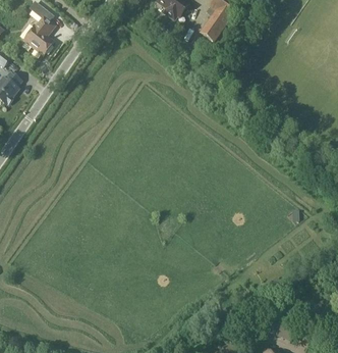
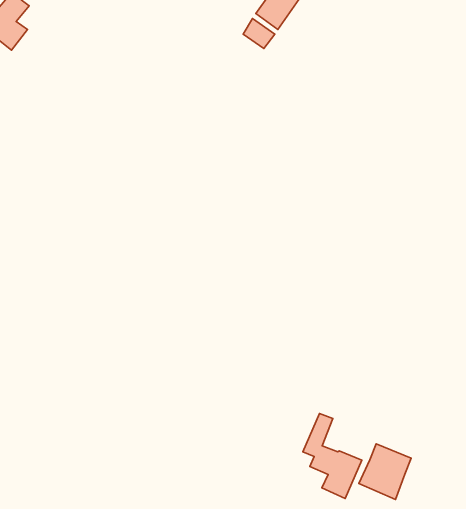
building: none -> [303,413,362,498]

